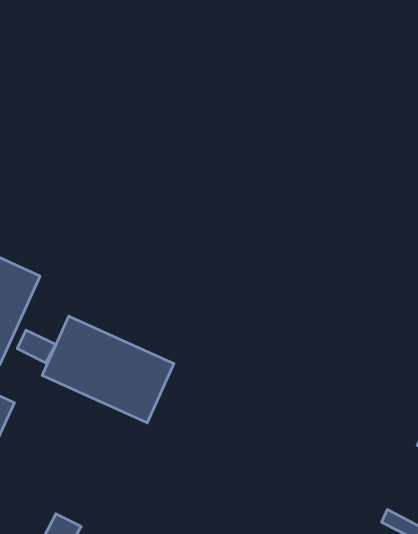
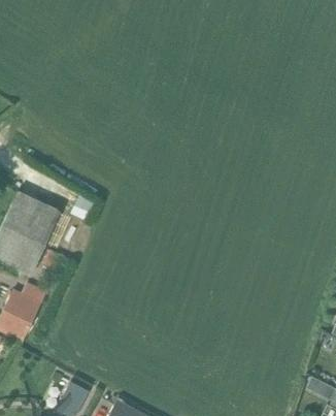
building: [42,316,174,423] -> none

